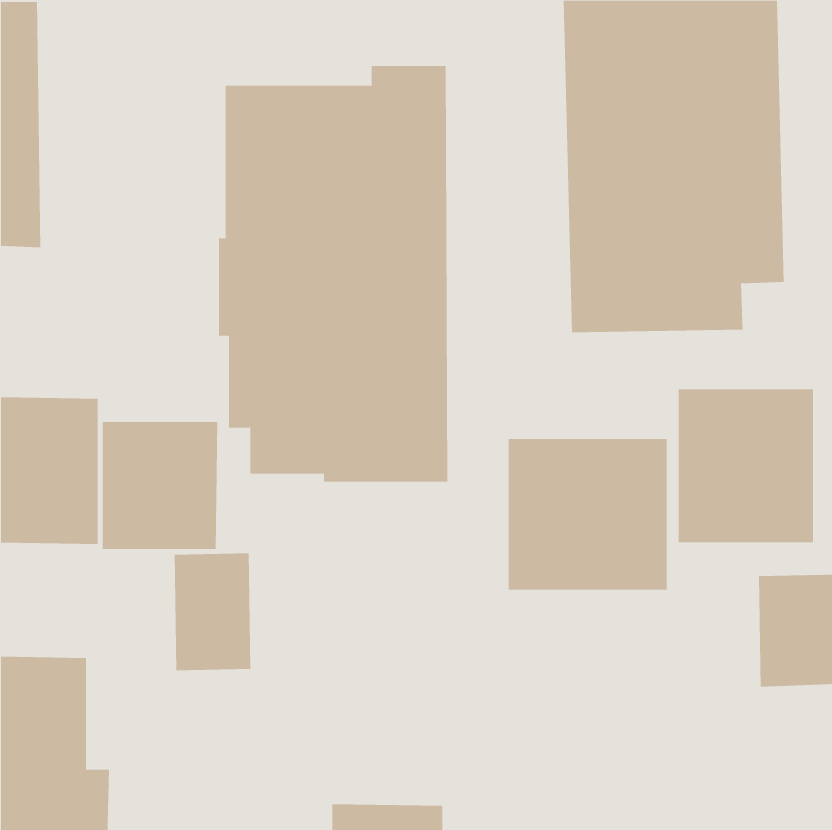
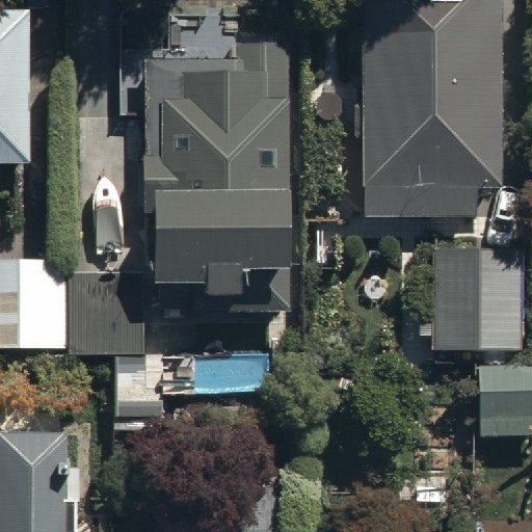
building: [508,438,667,590] -> none

